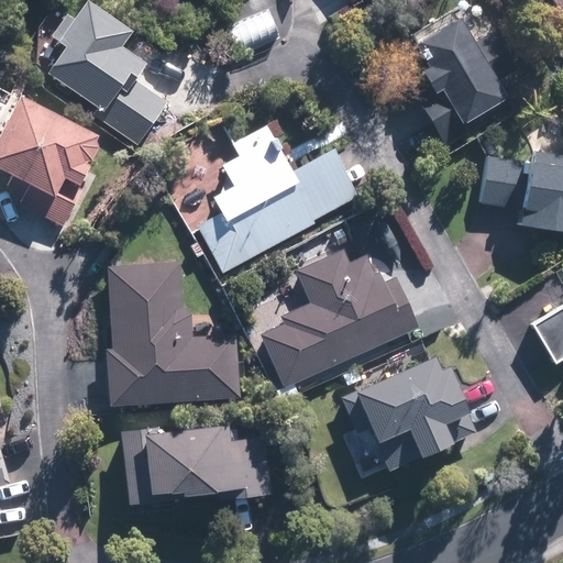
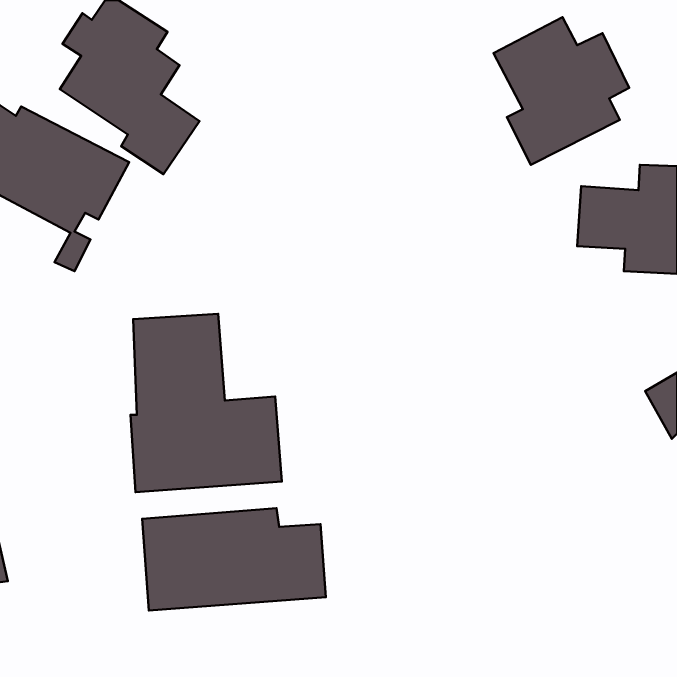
building: [196,122,360,274] -> none
building: [260,220,422,388] -> none
building: [342,353,475,473] -> none

